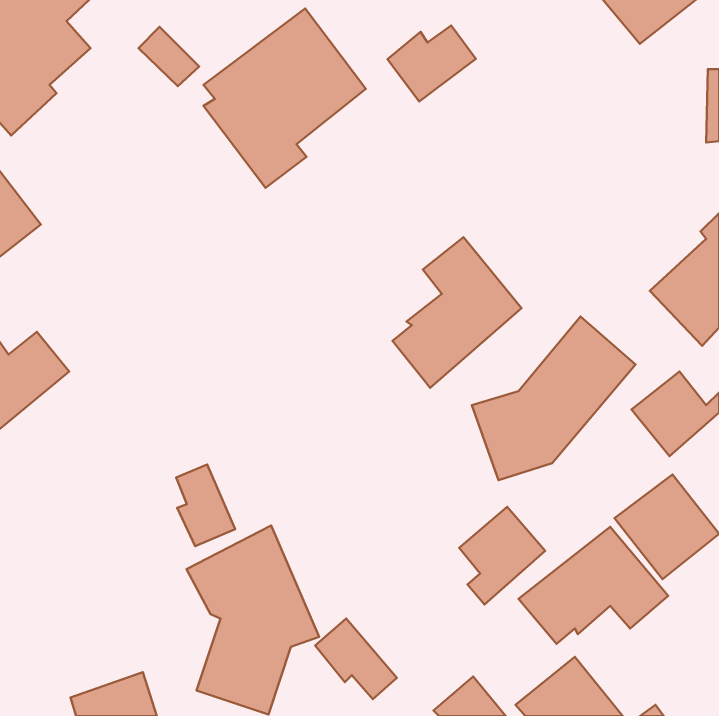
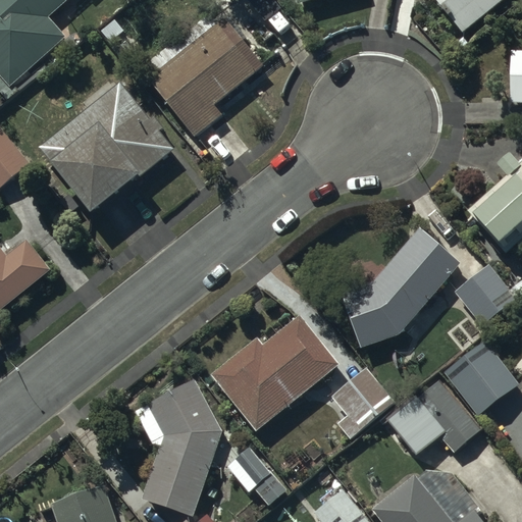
building: [387,26,476,102] -> none
building: none -> [38,74,173,214]
building: [392,237,522,388] -> none
building: none -> [210,315,338,431]
building: [176,465,235,546] -> none

